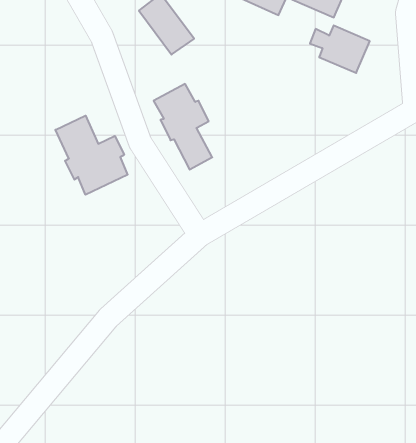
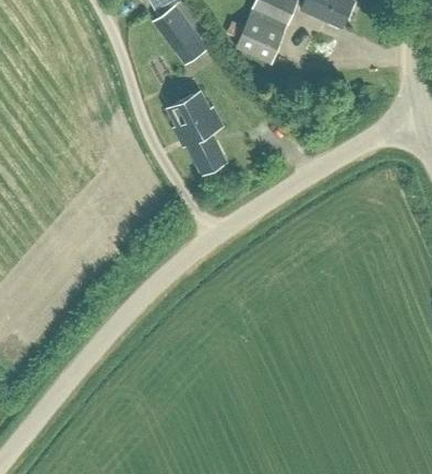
building: [310,25,370,73] -> [227,17,285,63]
building: [55,116,128,195] -> none

